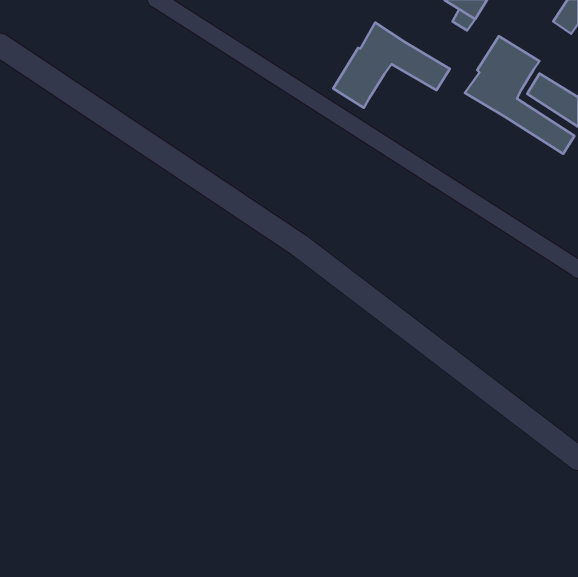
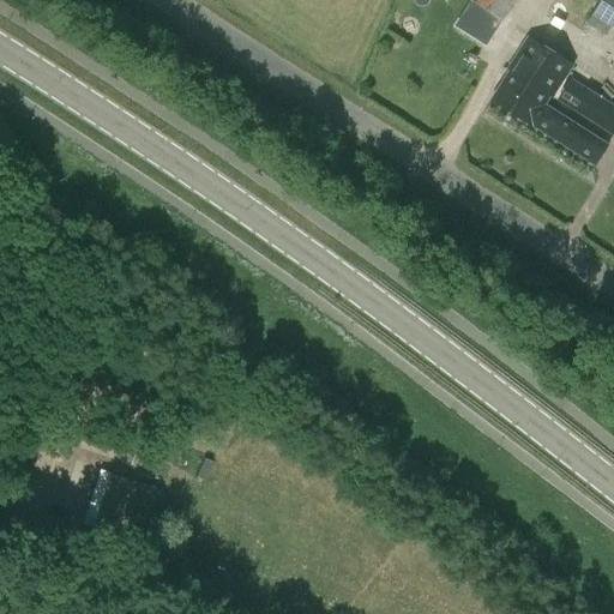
building: [333,23,450,108] -> none

